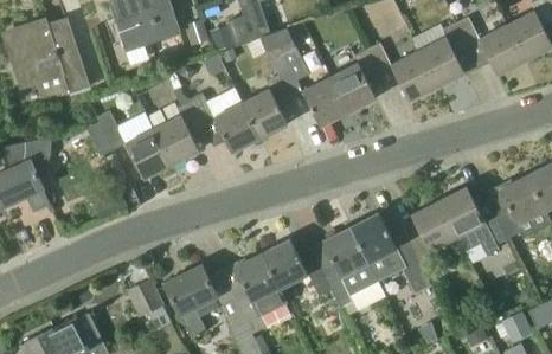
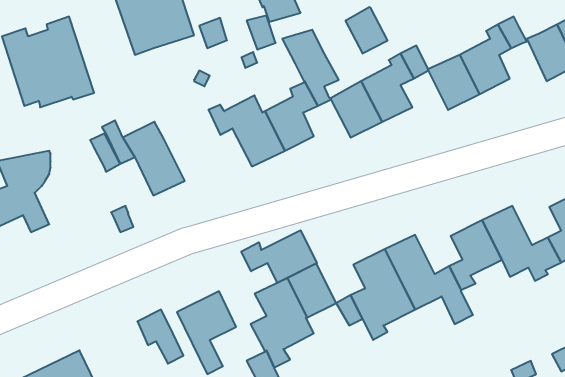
building: none -> [346,7,387,54]
building: [153,90,204,165] -> none
building: none -> [241,230,317,283]

